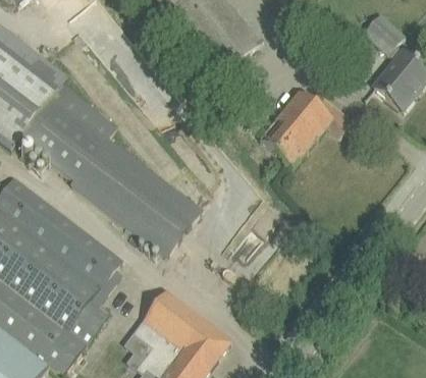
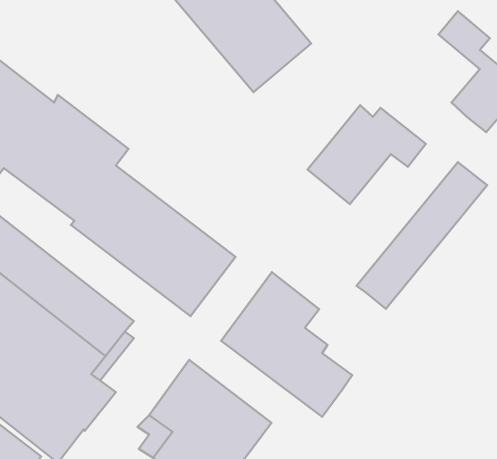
building: none -> [356,162,487,309]
building: none -> [221,272,352,417]

